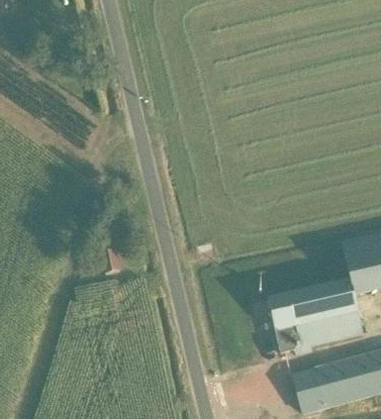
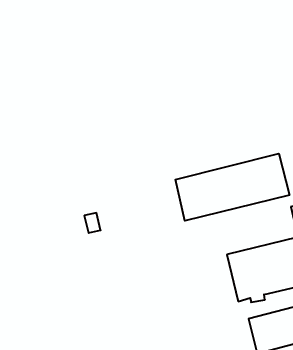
building: none -> [175,154,289,221]

